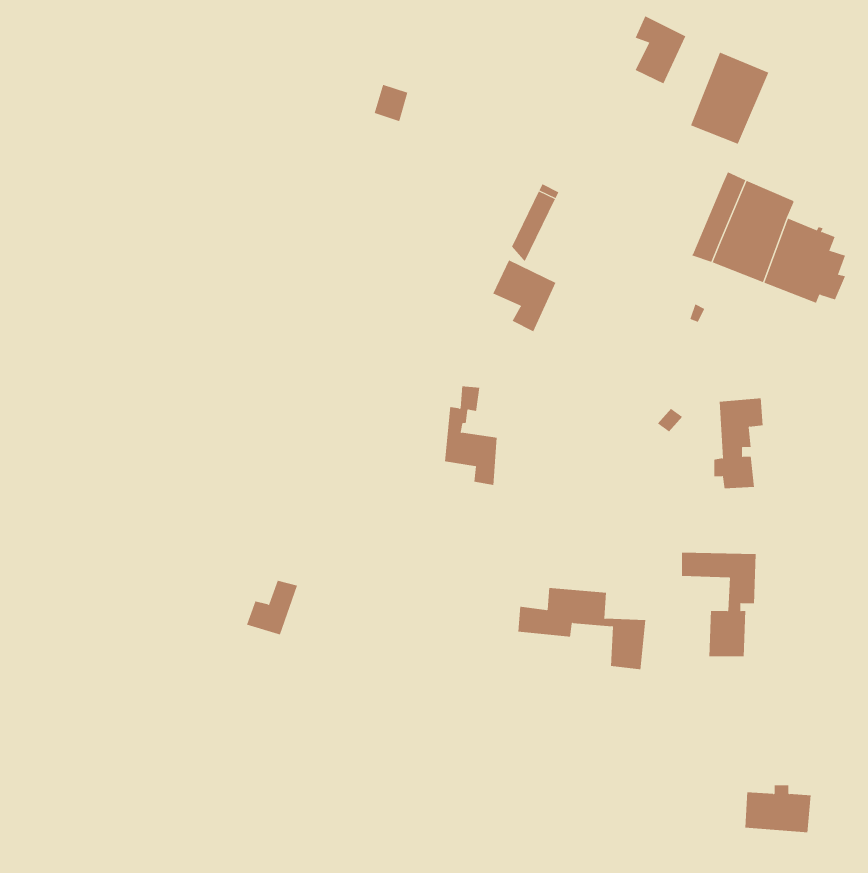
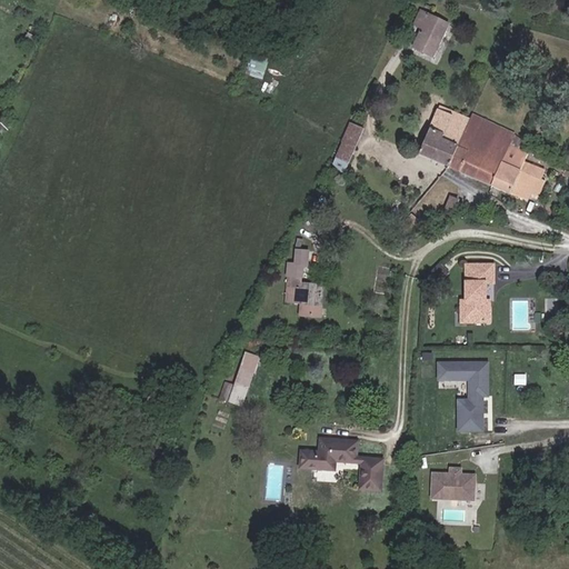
building: [690,52,769,144] -> [417,108,468,168]
building: [492,260,556,332] -> none
building: [246,580,298,635] -> [217,369,250,405]
building: [518,587,646,670] -> [299,437,382,490]
building: [745,785,812,833] -> [436,470,479,501]

